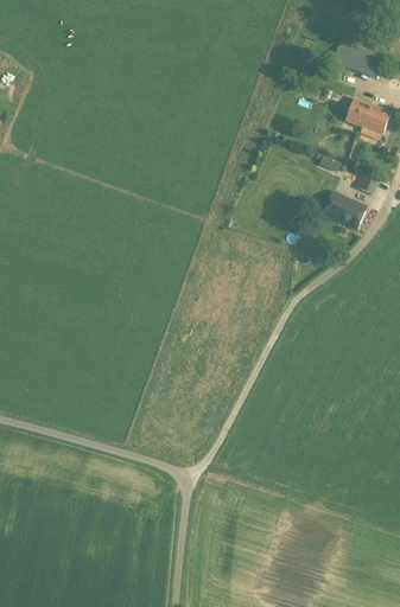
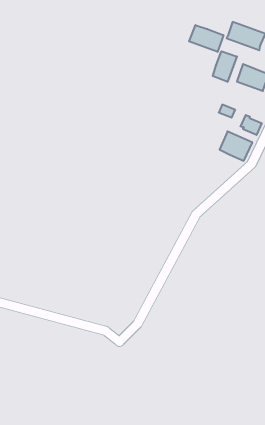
building: none -> [189,25,223,52]
building: none -> [213,51,237,82]

